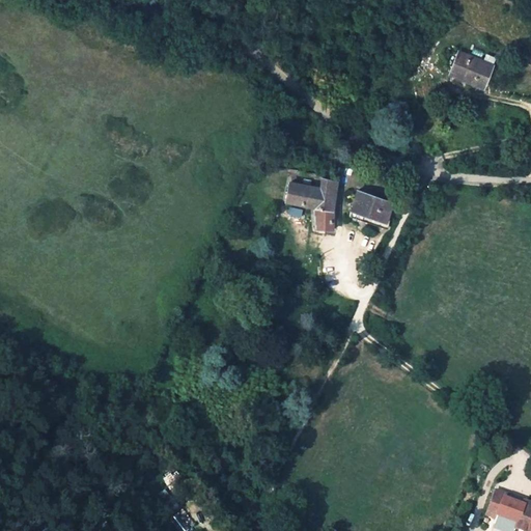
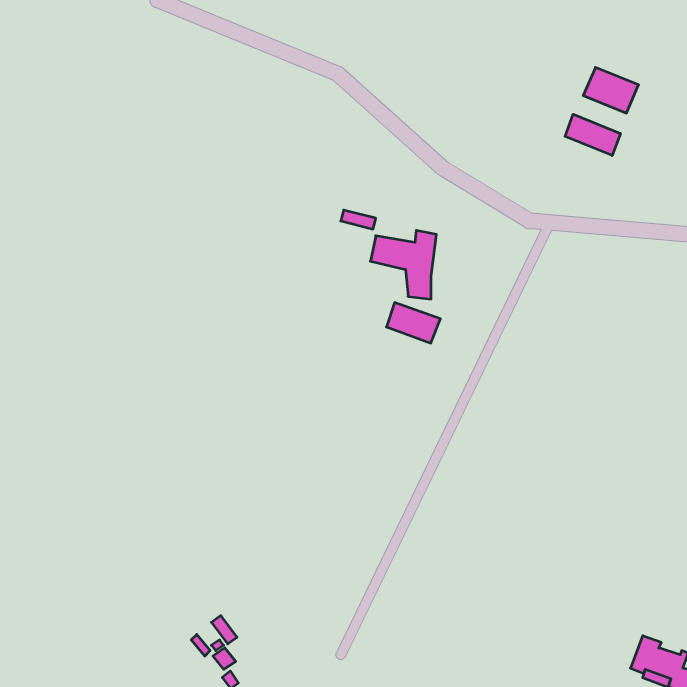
building: none -> [565,114,620,156]
building: [352,192,393,223] -> [386,303,440,343]

